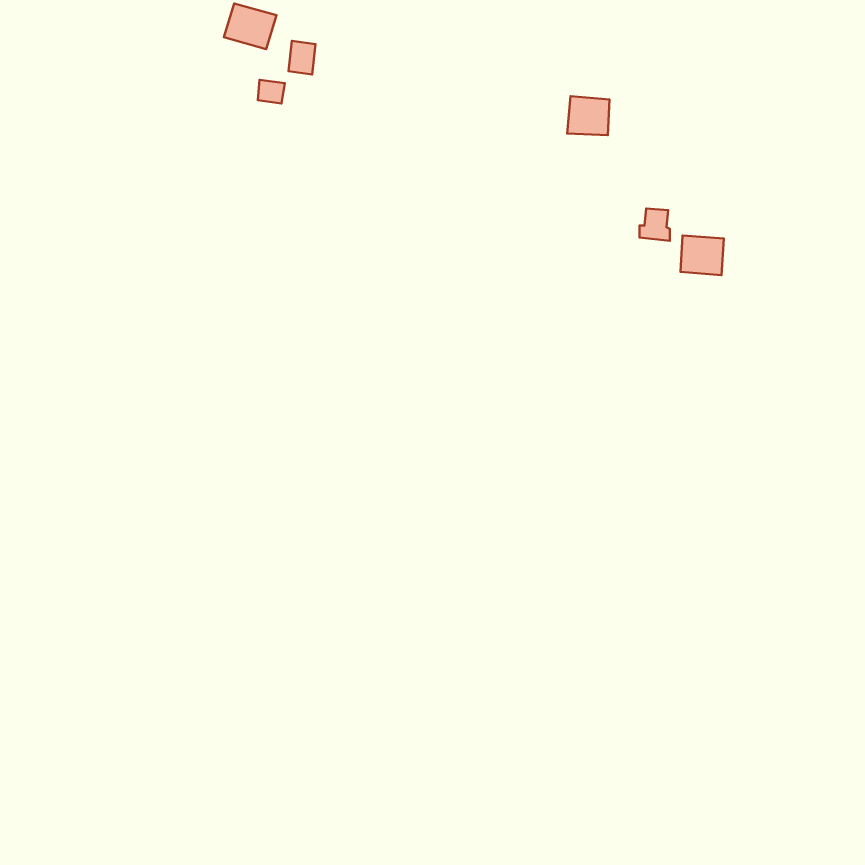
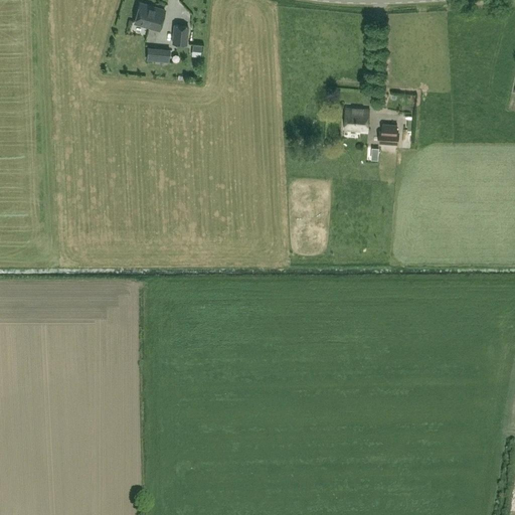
building: [567,96,610,135] -> [344,109,369,132]
building: [680,235,724,275] -> none

